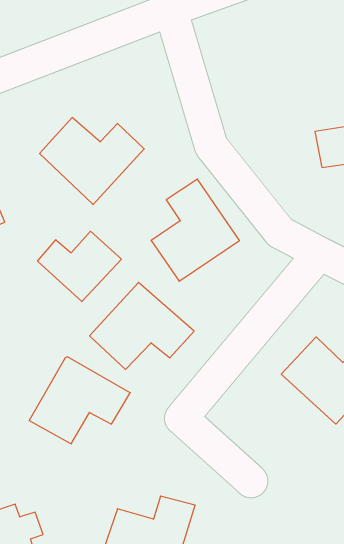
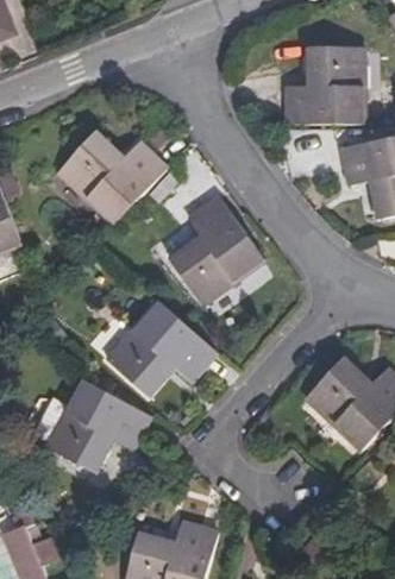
building: none -> [284,46,362,122]
building: [38,231,121,302] -> none

